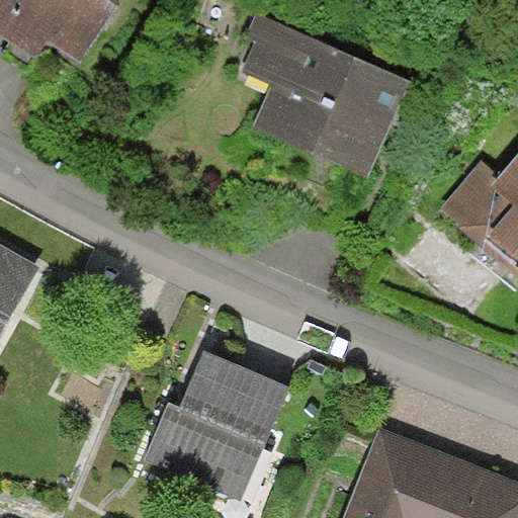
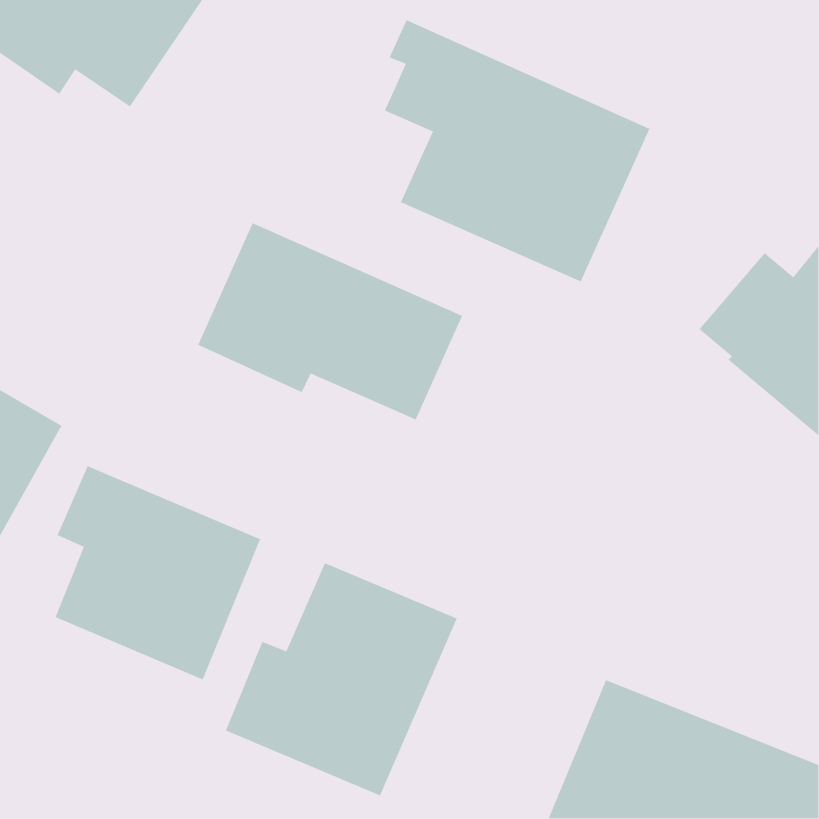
building: none -> [197,222,463,420]
building: none -> [54,465,261,681]

